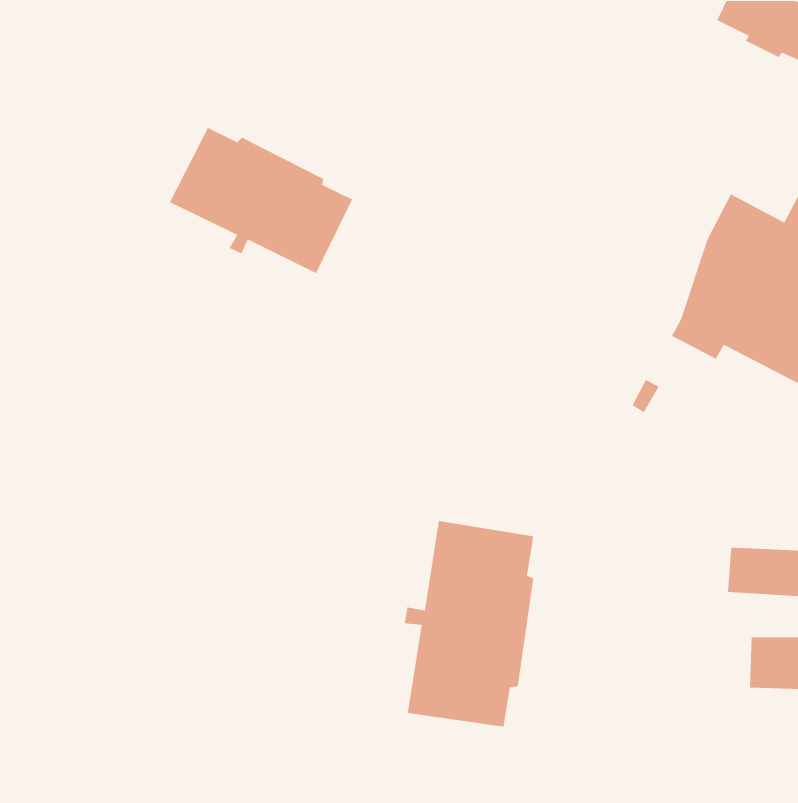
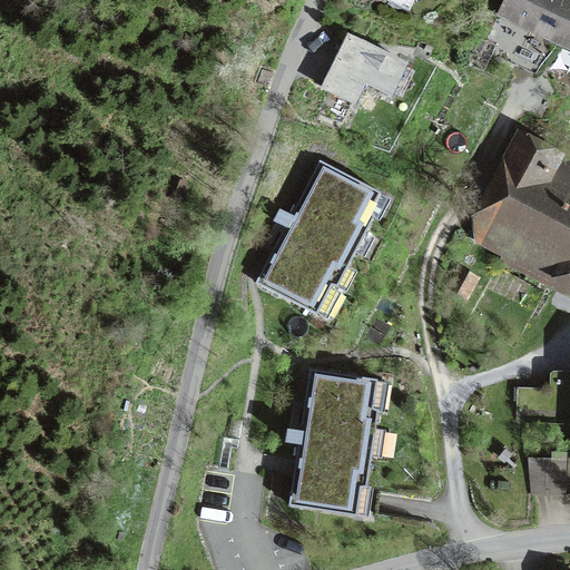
building: none -> [325,40,407,104]
building: [169,127,353,274] -> none
building: none -> [259,161,384,315]

